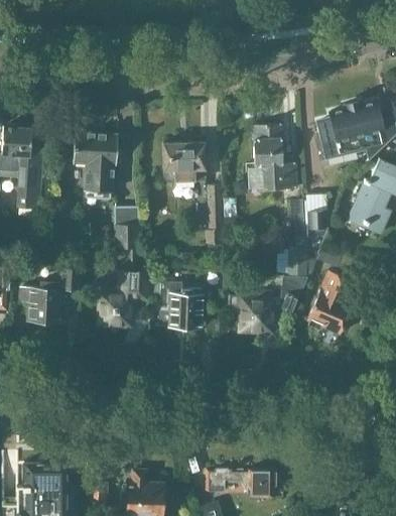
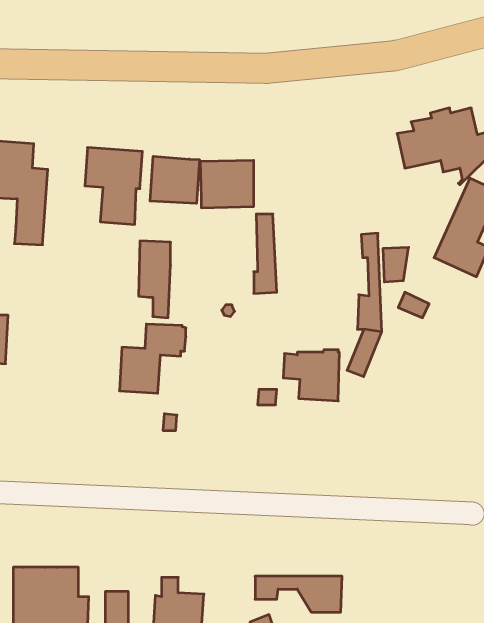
building: [252,126,295,191] -> none
building: none -> [150,156,199,203]
building: [20,269,82,325] -> none
building: [306,272,354,336] -> none
building: [159,282,202,330] -> none

